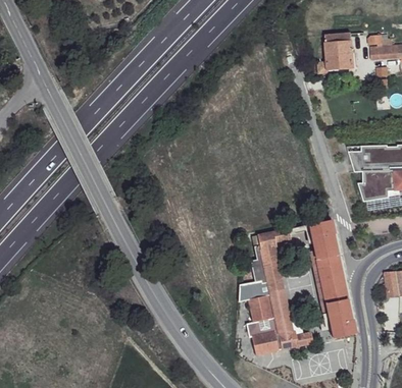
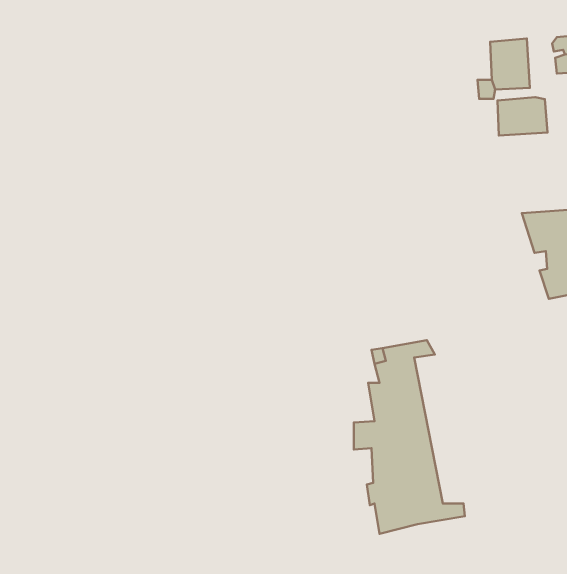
building: none -> [497,97,548,136]
building: [310,221,355,337] -> none

